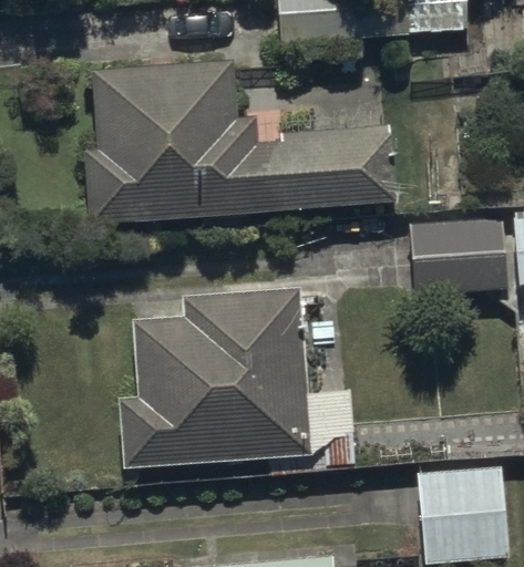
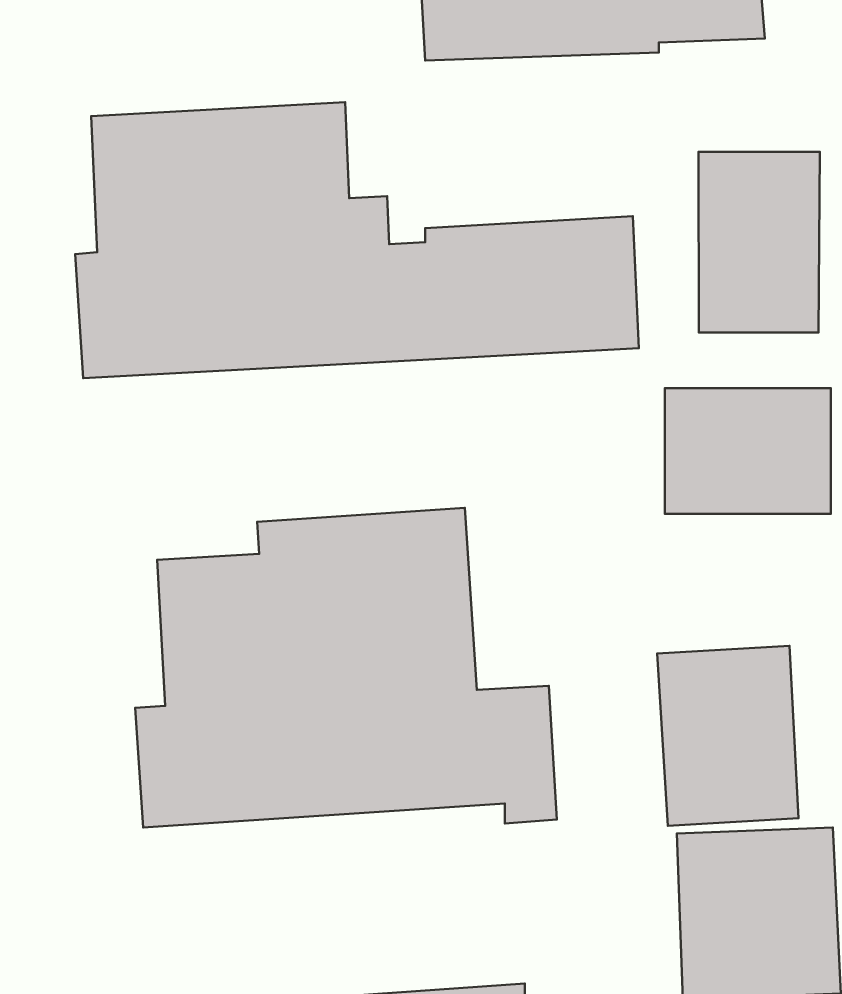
building: none -> [699,152,820,333]
building: none -> [657,646,798,826]

